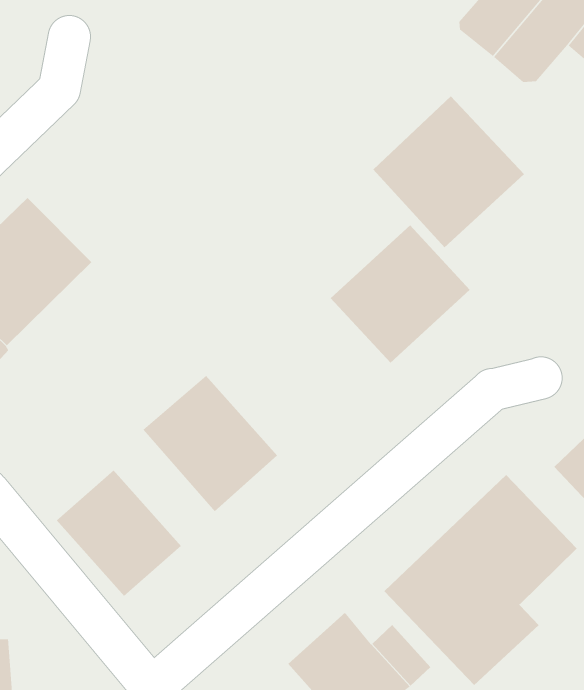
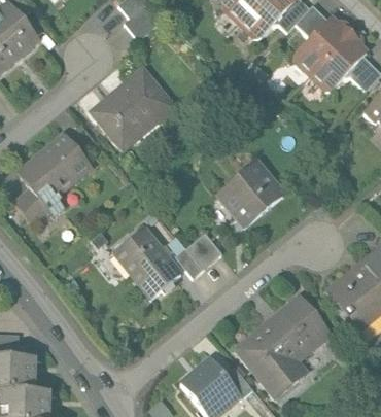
building: none -> [89,64,179,152]
building: [373,96,525,248] -> none
building: none -> [176,232,222,276]
building: [56,469,182,597] -> none

